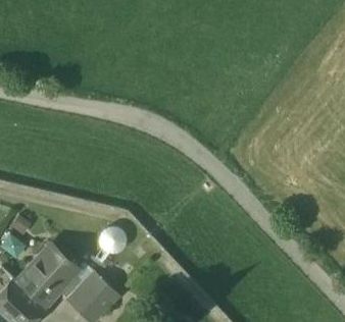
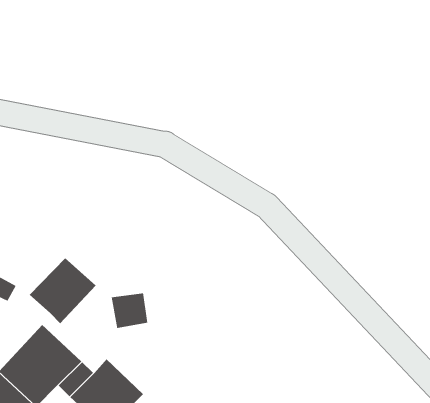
building: none -> [29,257,97,324]

